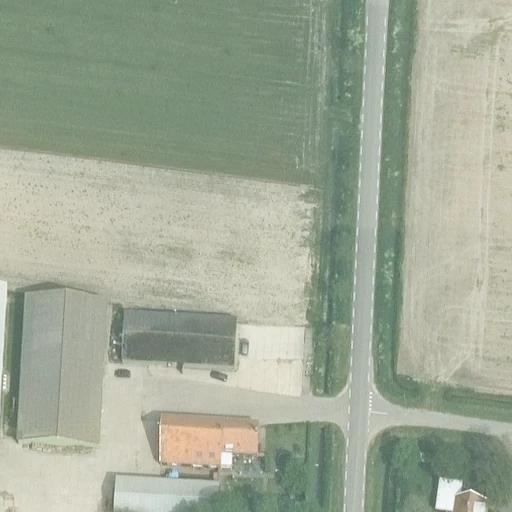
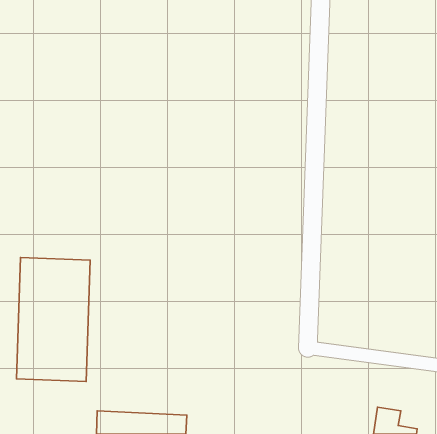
building: [120,309,234,361] -> none
building: [157,416,256,463] -> none

